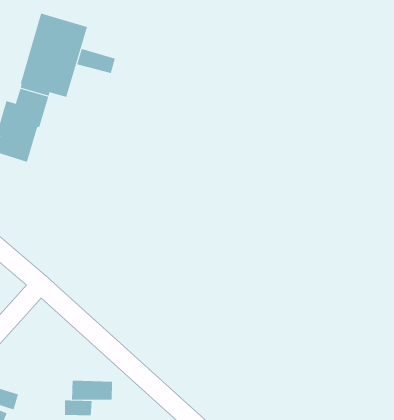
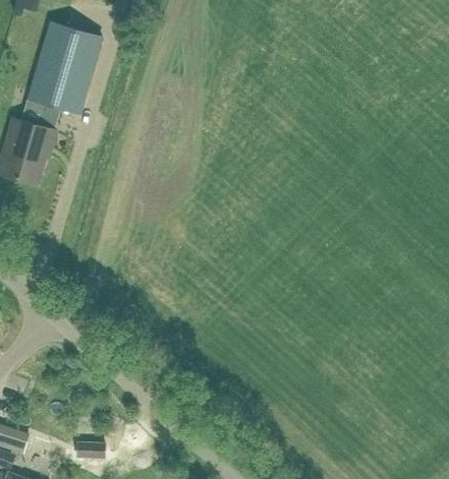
building: [77,48,116,74] -> none
building: [71,380,112,400] -> none

